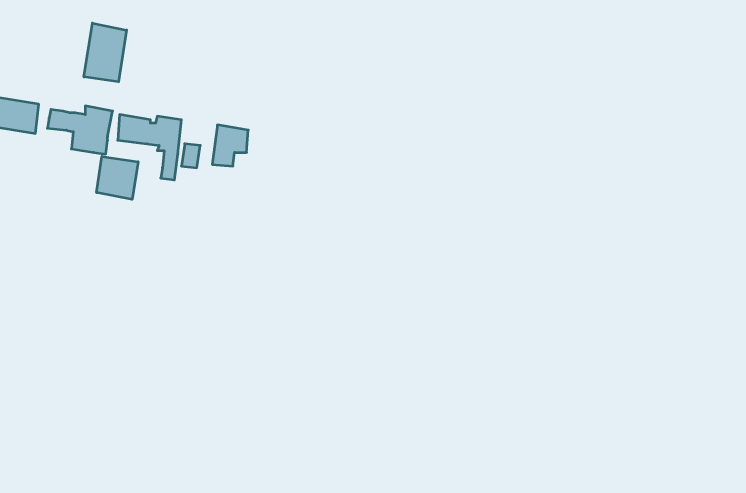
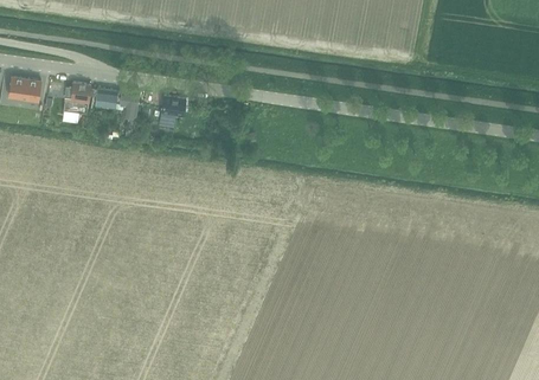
building: [84,23,127,82] -> none
building: [97,156,138,199] -> none

